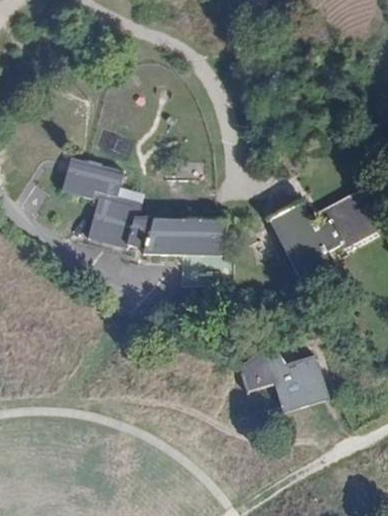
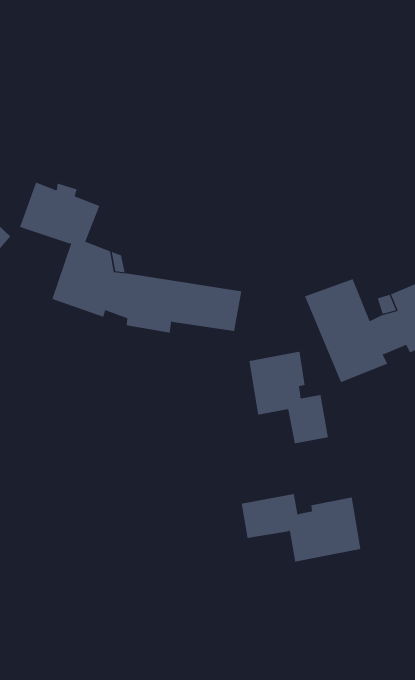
building: none -> [249,351,328,444]

